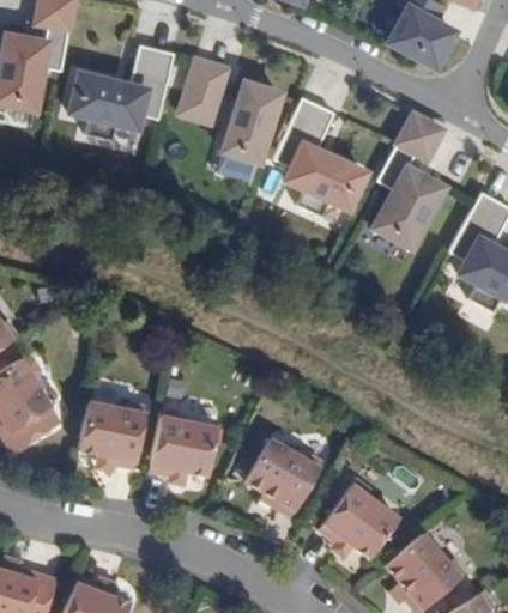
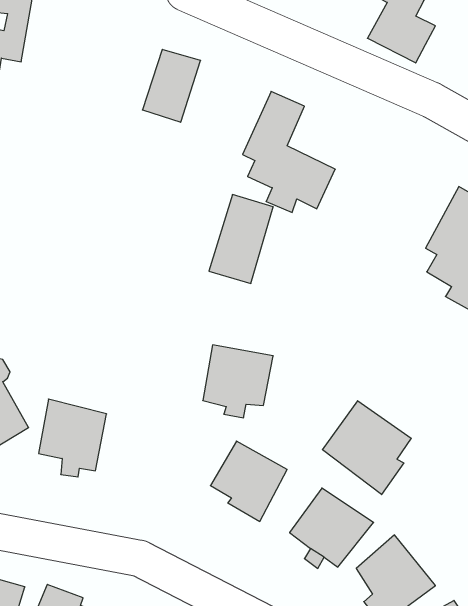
building: [69,45,175,140] -> none
building: [217,78,279,164] -> [209,195,273,283]
building: [368,110,448,249] -> none
building: none -> [322,401,411,495]
building: [149,415,217,486] -> [203,345,273,418]

